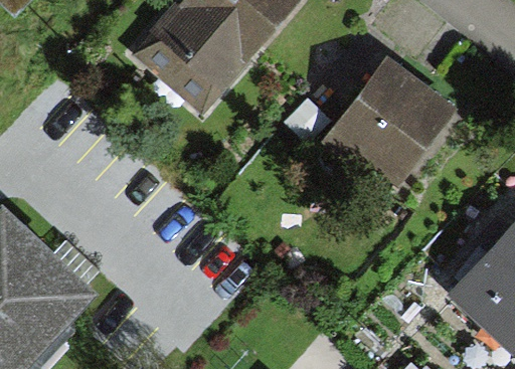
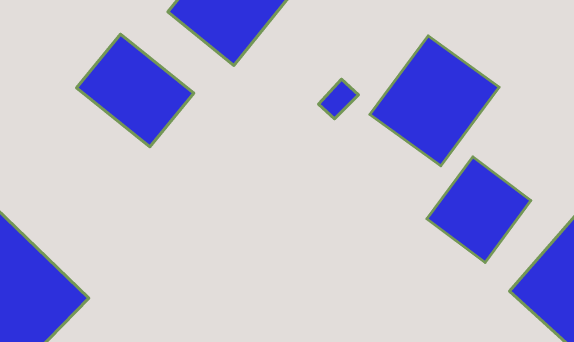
building: none -> [76,34,194,147]
building: none -> [427,157,531,263]

